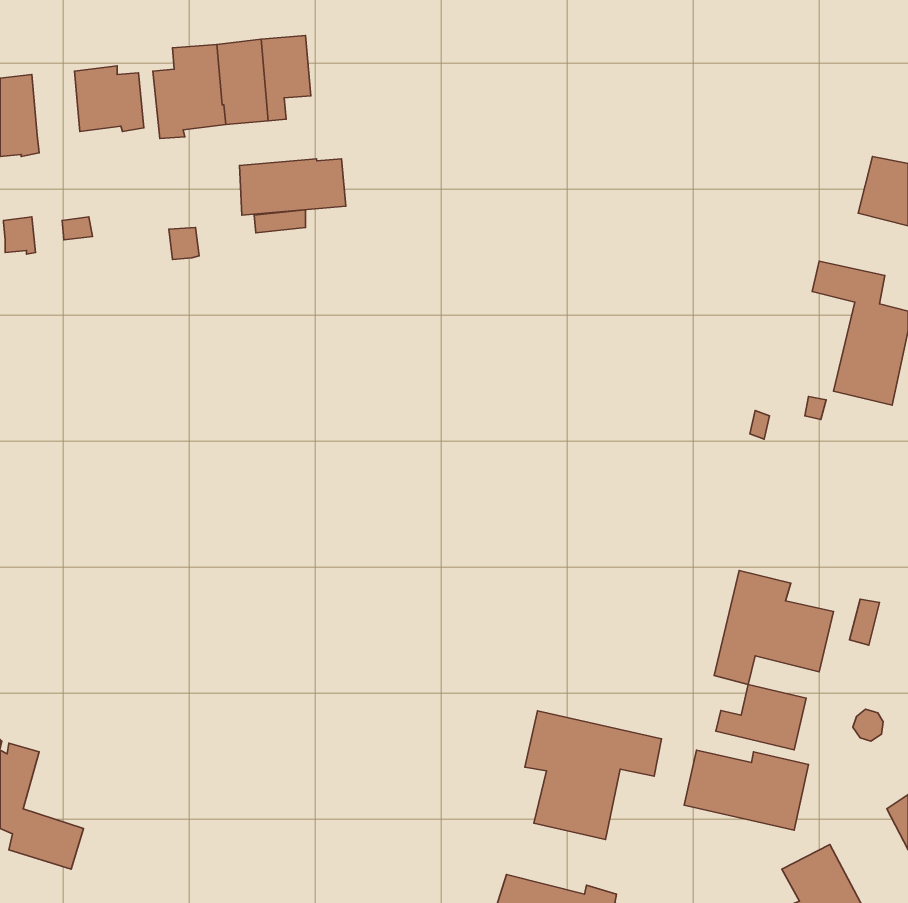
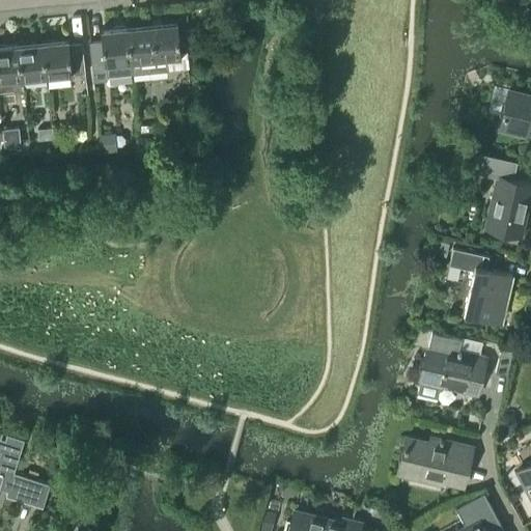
building: none -> [19,45,47,82]
building: [239,159,346,215] -> none
building: none -> [449,251,511,326]
building: [716,684,806,750] -> none
building: [525,711,662,839] -> none

